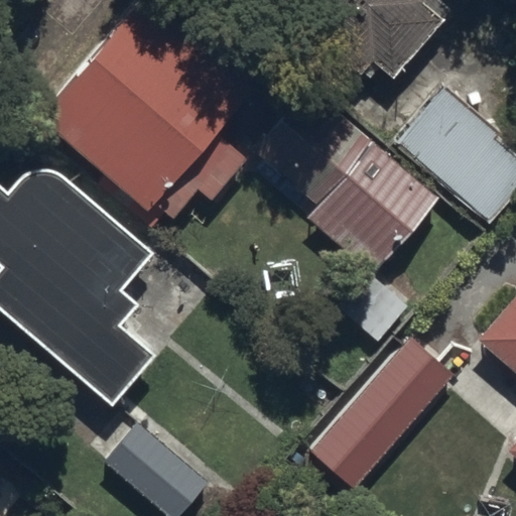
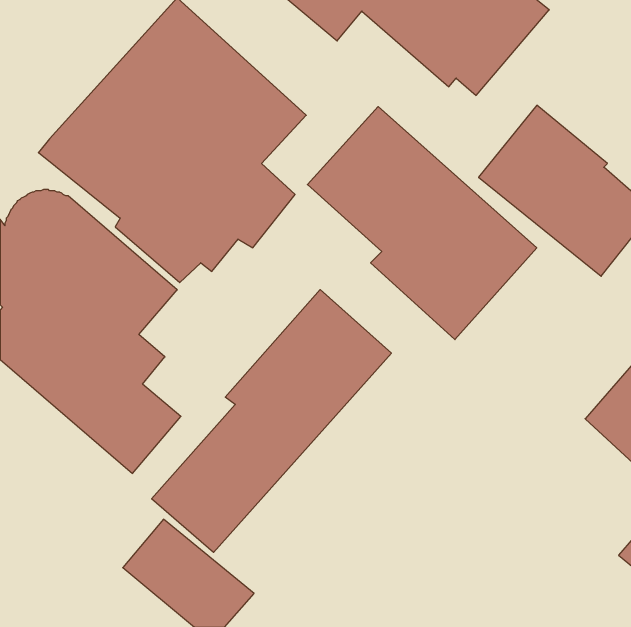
building: none -> [152,290,391,552]
building: [312,336,457,490] -> none

